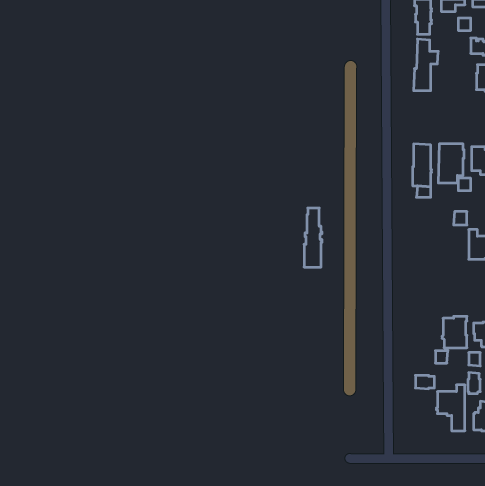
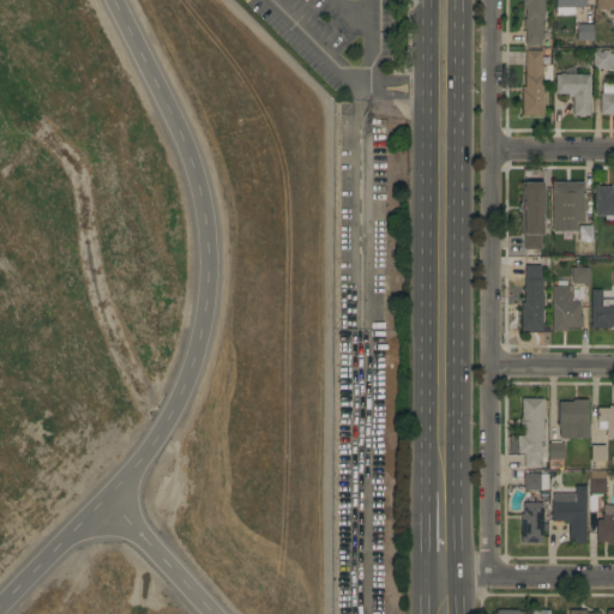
building: none -> [558,73,591,115]
building: [304,208,322,267] -> [523,255,546,330]
building: none -> [553,285,585,330]
building: none -> [512,398,546,466]
building: none -> [523,501,546,542]

